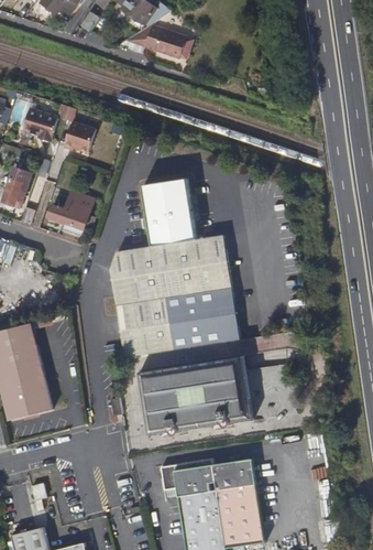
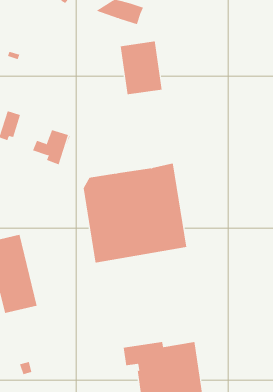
building: [19,104,67,141] -> none
building: [62,121,94,151] -> none
building: [142,176,196,245] -> [120,41,162,95]
building: [141,358,250,432] -> none

